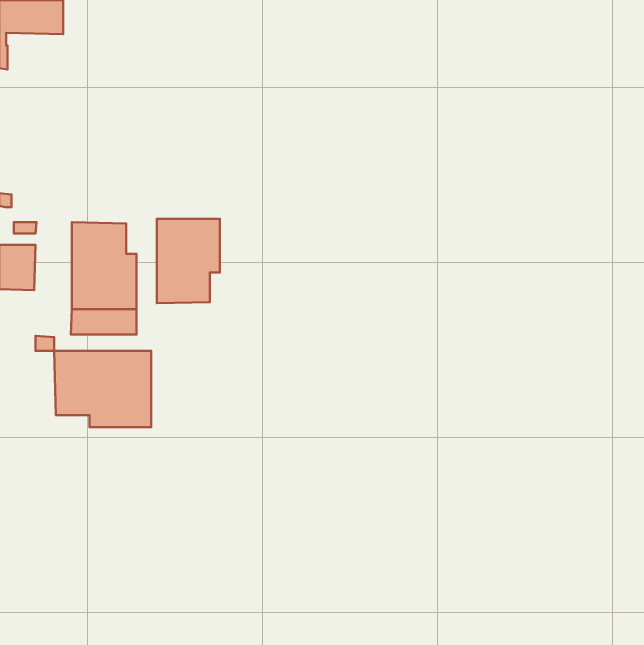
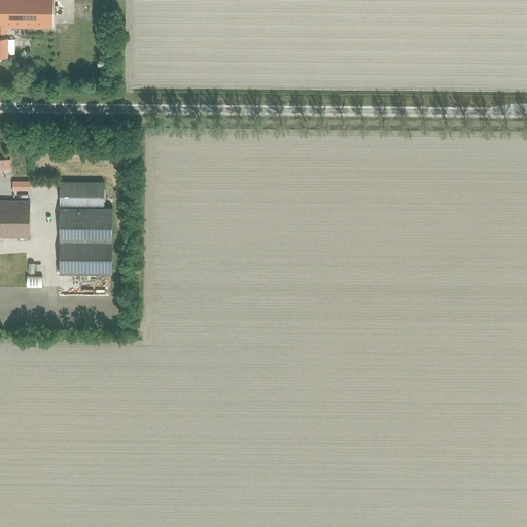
building: [157,219,220,303] -> none
building: [54,351,151,427] -> none

